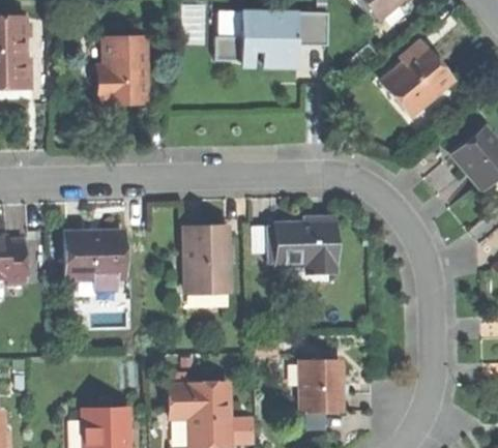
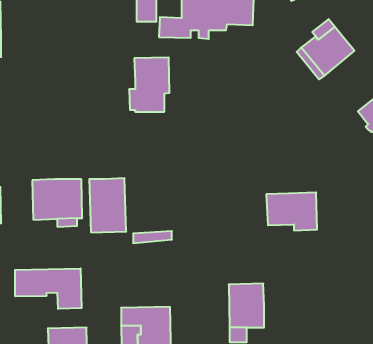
building: [98,37,147,102] -> [129,57,170,112]
building: [274,222,335,268] -> [266,192,317,230]
building: [184,226,229,291] -> [89,178,126,232]
building: none -> [15,268,82,309]

